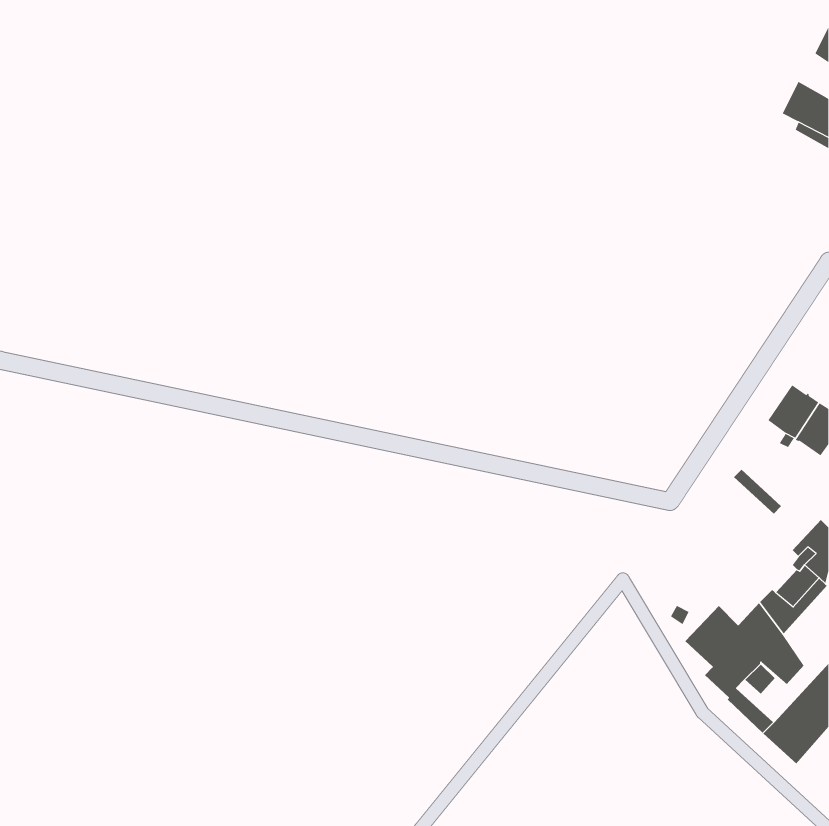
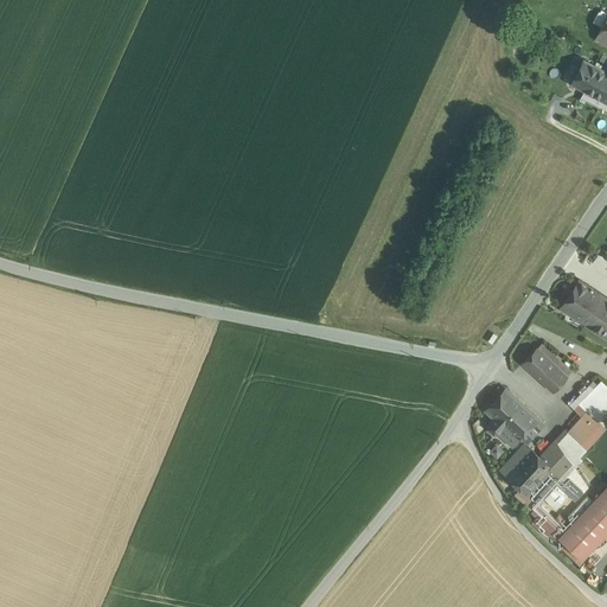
building: none -> [523,351,566,392]
building: none -> [486,390,543,443]

